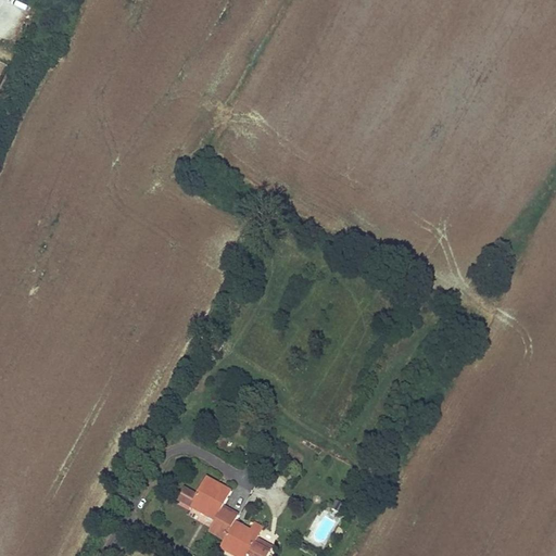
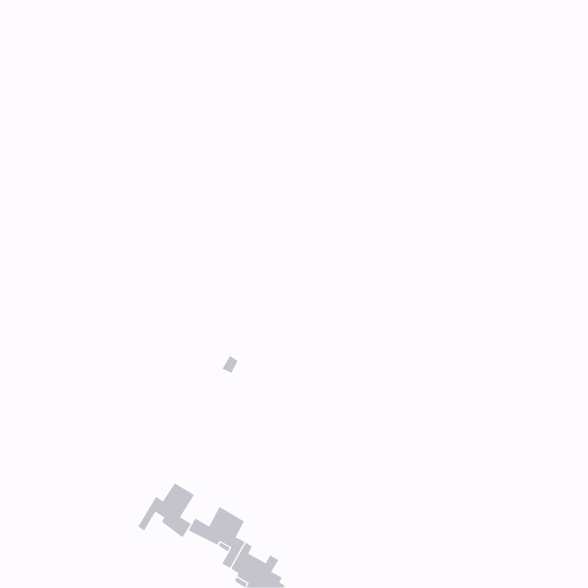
building: none -> [137,483,195,538]

